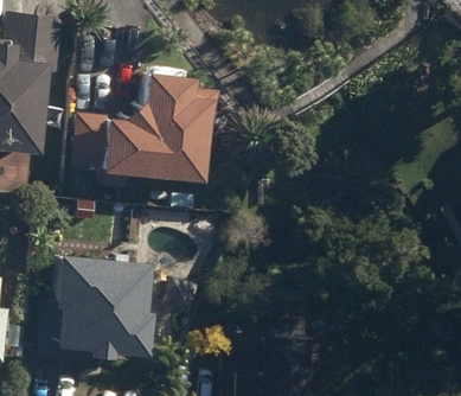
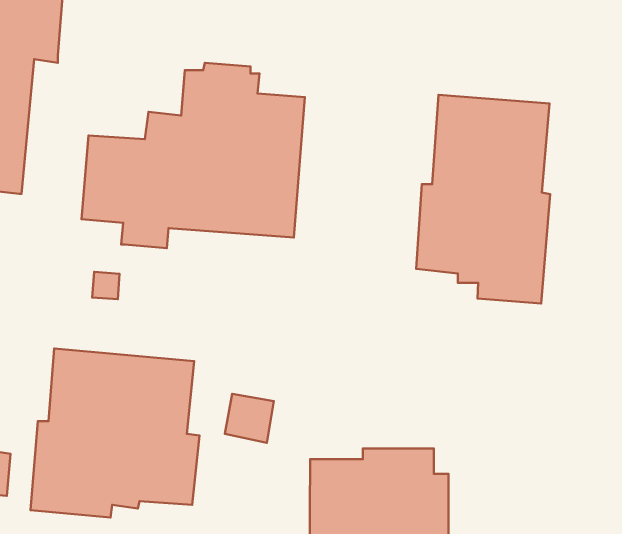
building: none -> [416,95,550,303]

